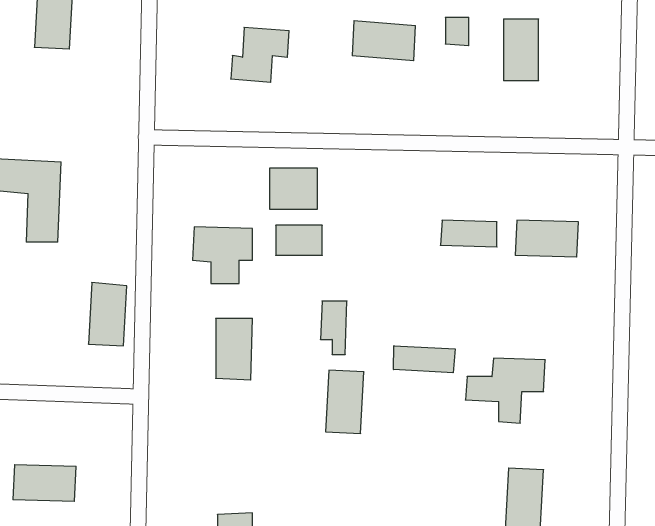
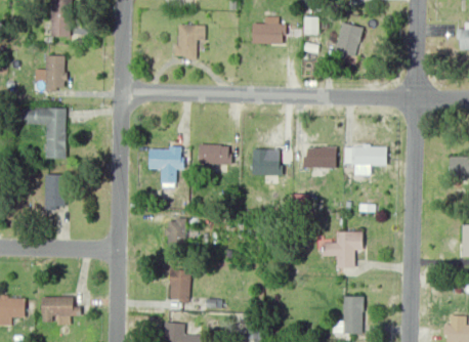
building: none -> [44,55,65,92]
building: [270,168,317,209] -> none
building: [88,283,127,346] -> [43,173,67,212]
building: [320,301,347,354] -> [257,153,273,185]
building: [394,346,455,373] -> none
building: [326,370,364,433] -> [167,265,190,304]

